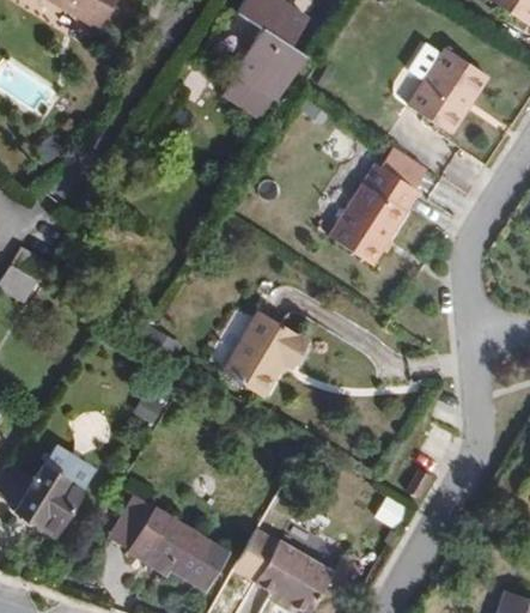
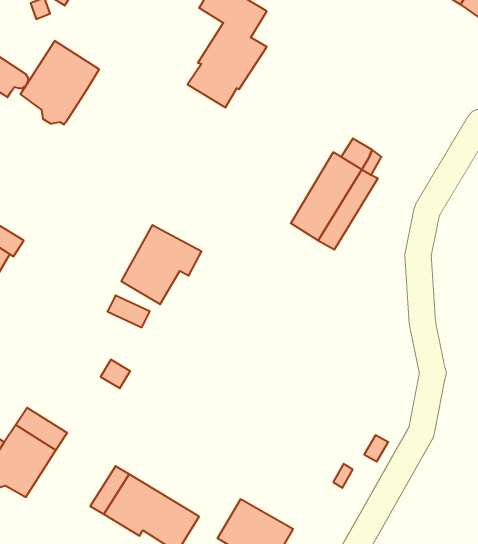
building: [404,54,488,140] -> none
building: none -> [21,41,99,125]
building: [224,304,307,387] -> [121,225,202,304]

